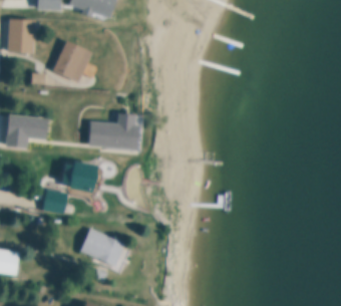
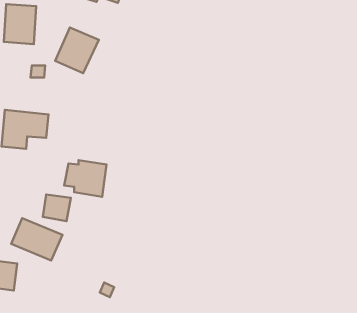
building: [90,113,144,149] -> none
building: [80,228,126,266] -> [11,218,62,261]

